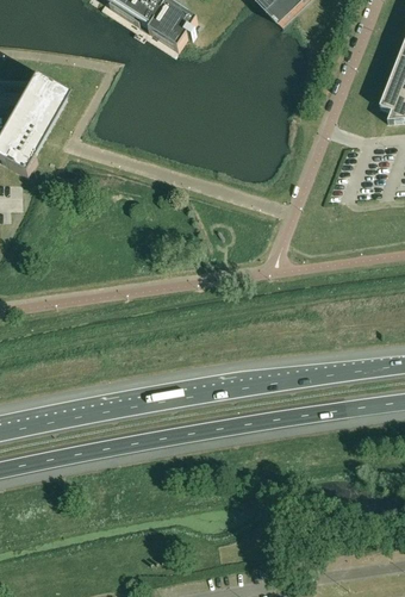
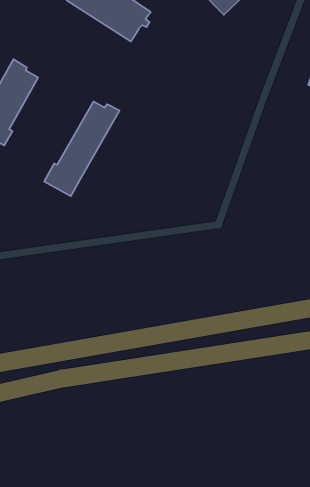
building: none -> [44,101,119,196]

